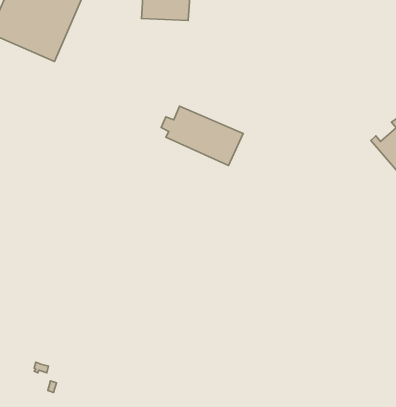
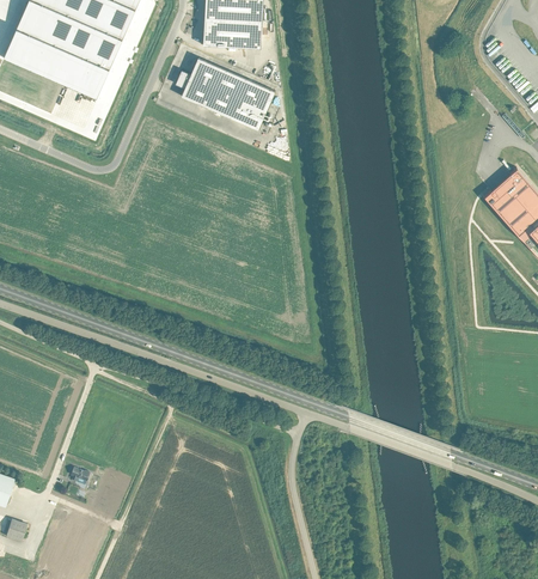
building: [161,106,243,166] -> [175,56,275,129]

